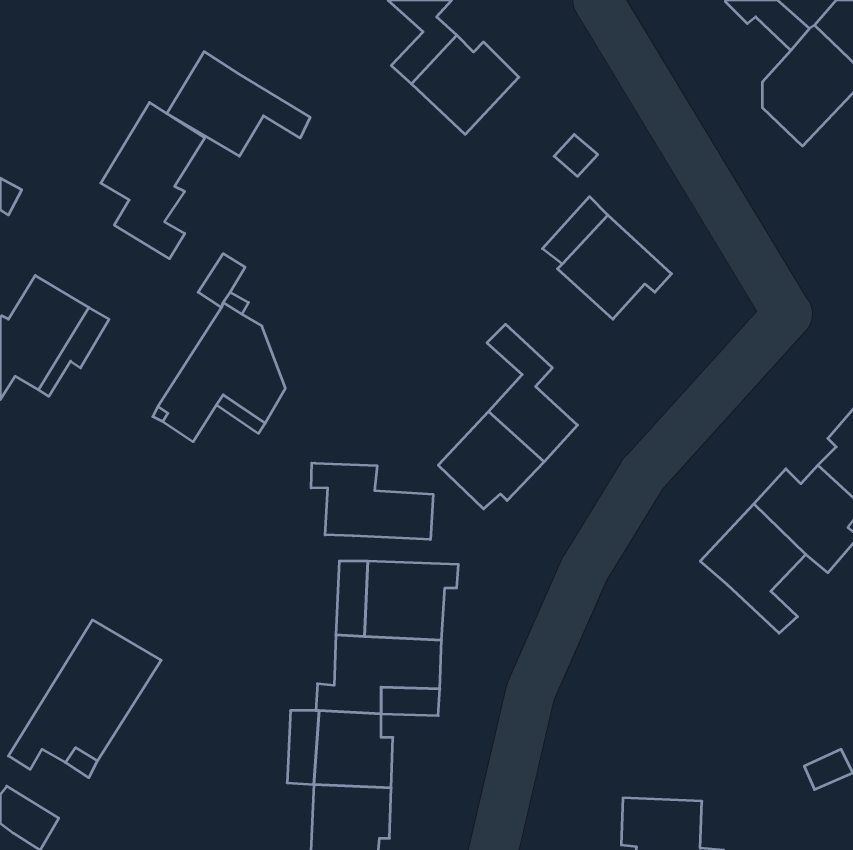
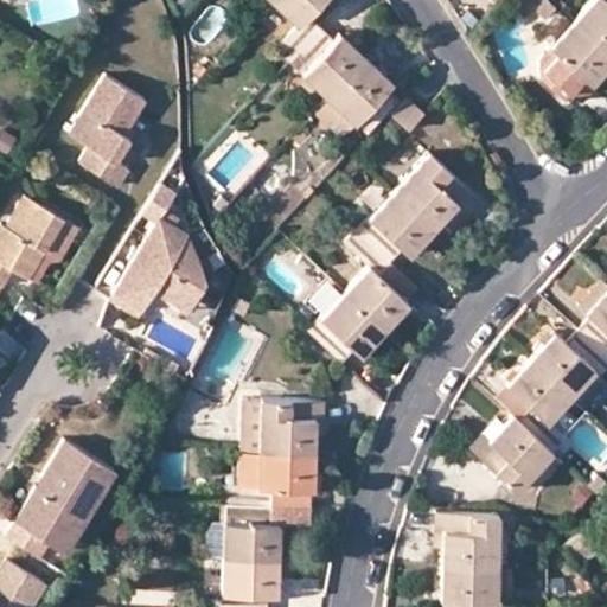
building: [167,52,310,156] -> none
building: none -> [318,60,402,142]
building: none -> [360,196,436,266]
building: [311,463,433,540] -> none
building: none -> [473,418,554,492]
building: none -> [435,516,500,571]

